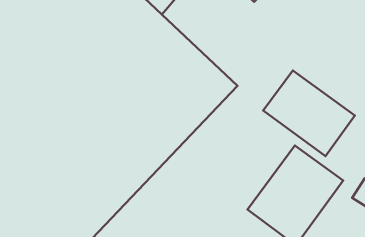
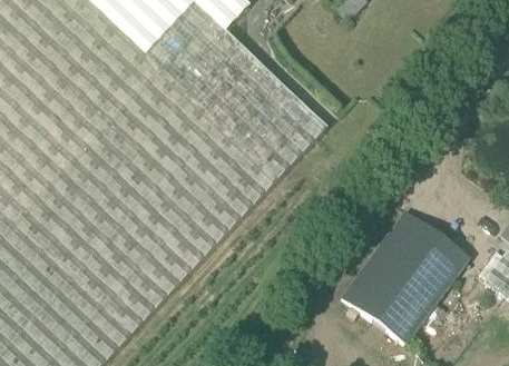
building: [263,71,355,156] -> none

